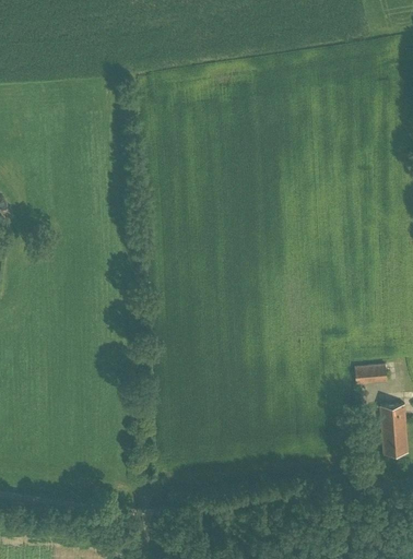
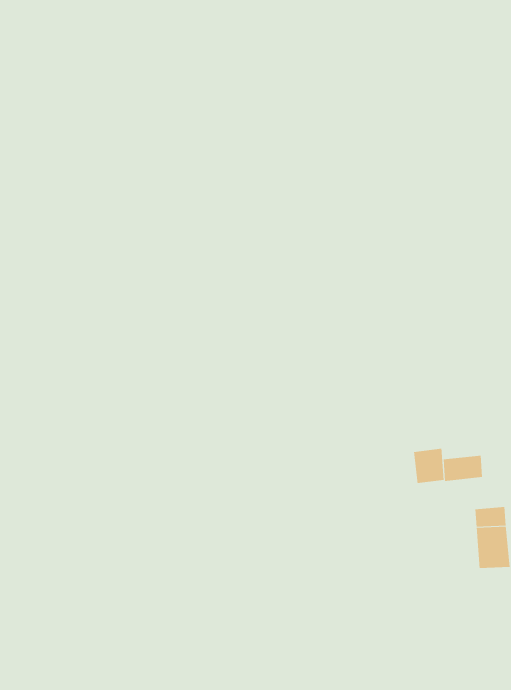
building: none -> [414,448,444,484]

